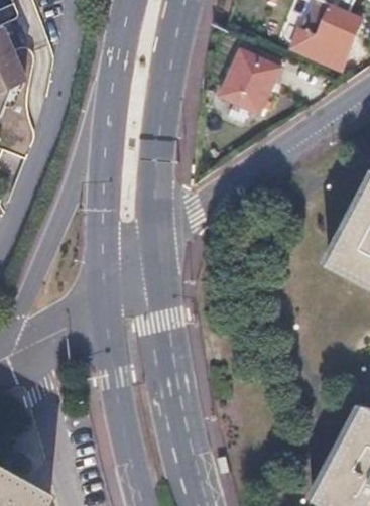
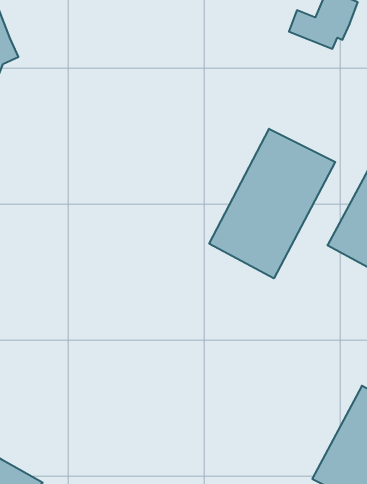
building: [218,53,276,117] -> none
building: none -> [209,129,335,278]

